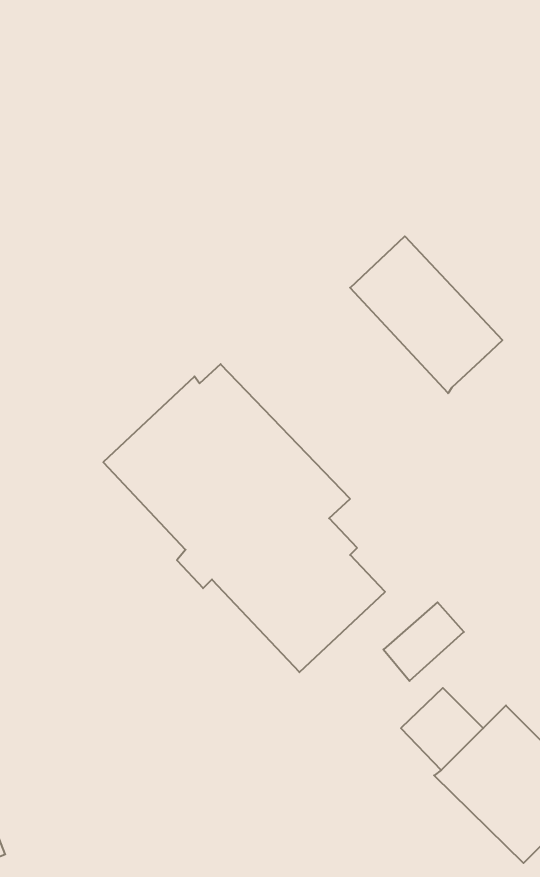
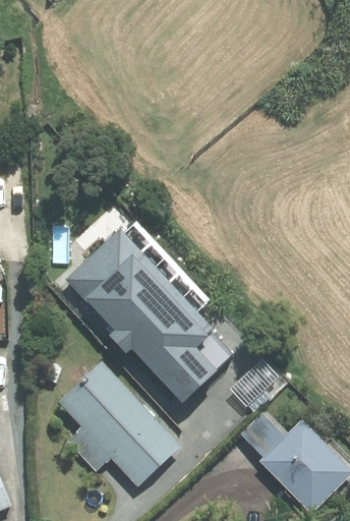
building: [350,236,502,393] -> none
building: none -> [57,362,179,485]

